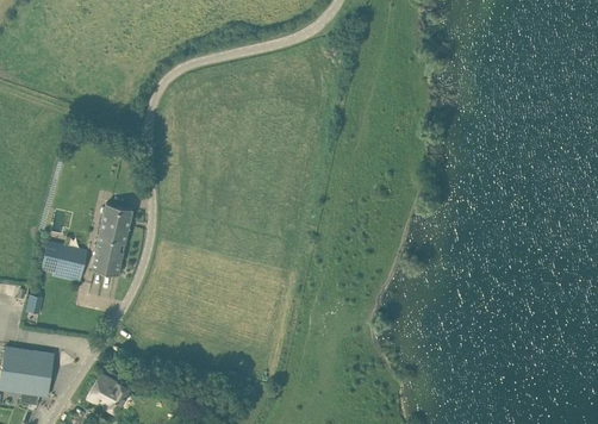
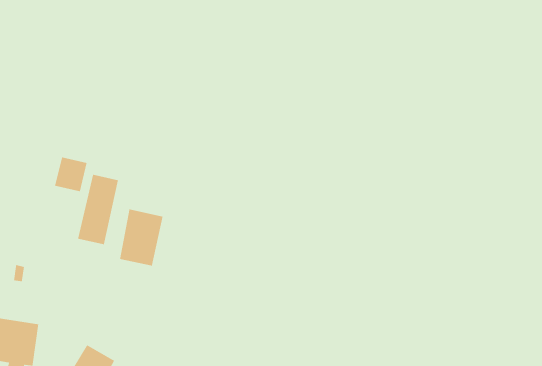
building: none -> [119,208,164,266]
building: [52,244,86,280] -> [54,157,87,192]

